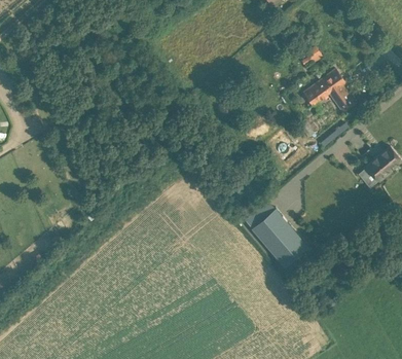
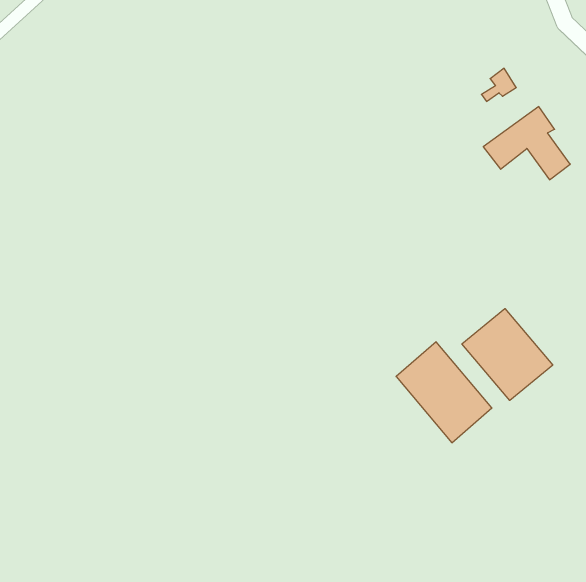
building: none -> [462,309,553,400]

